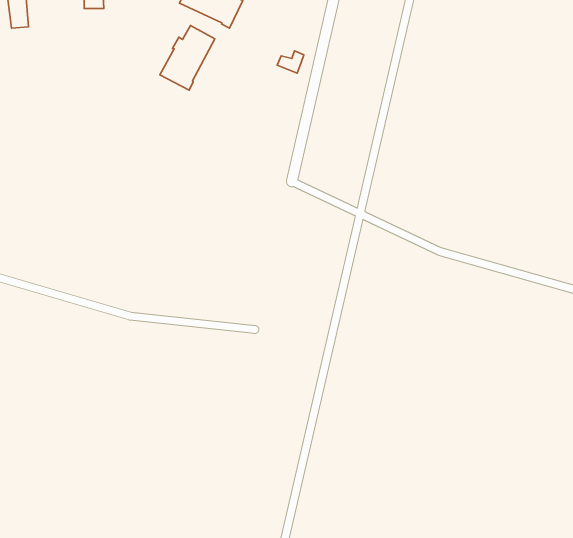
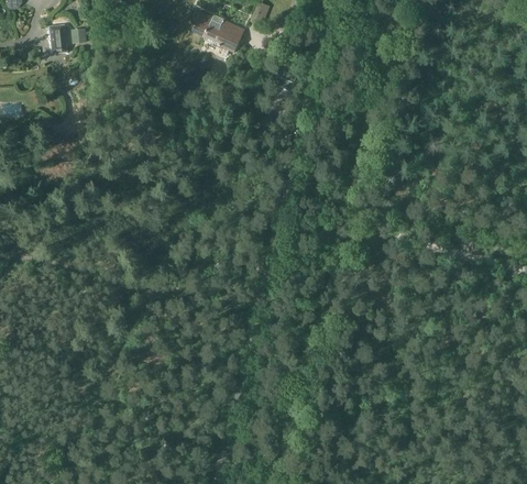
building: [160,25,215,90] -> none

